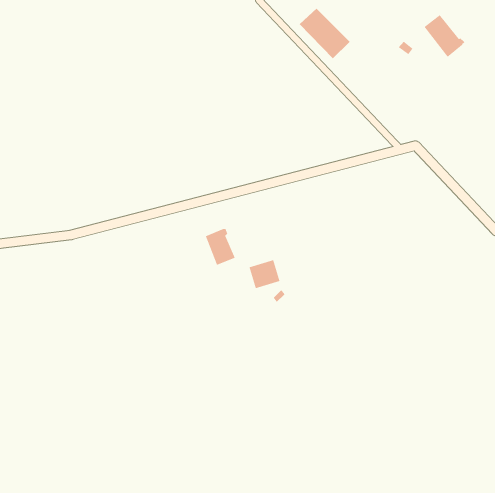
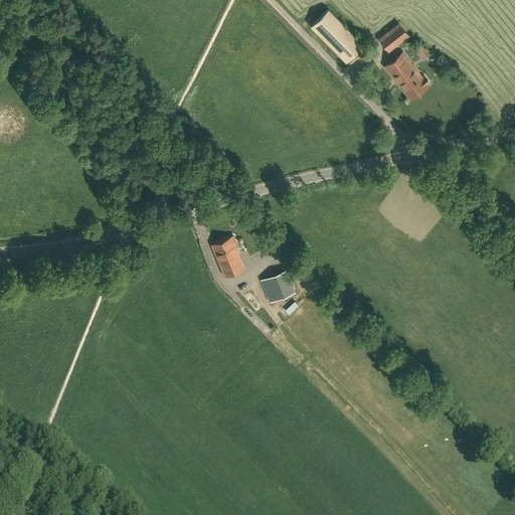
building: [423,14,465,58] -> [386,55,430,101]
building: none -> [380,26,408,53]

